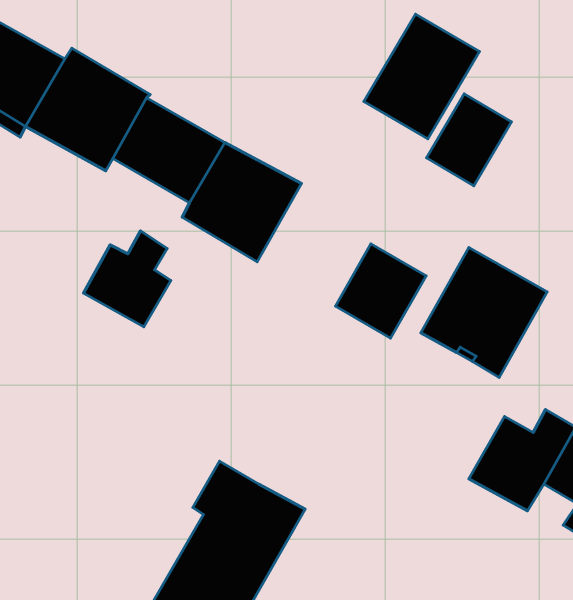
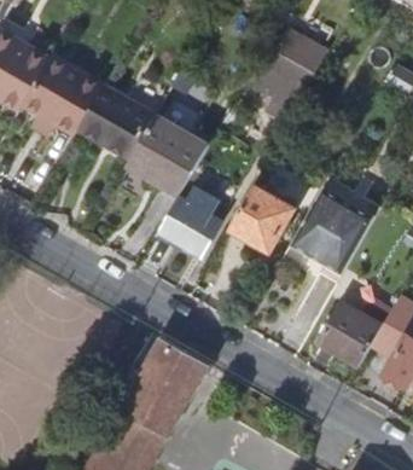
building: [426,94,511,186] -> none
building: [83,231,171,327] -> [159,187,219,253]

